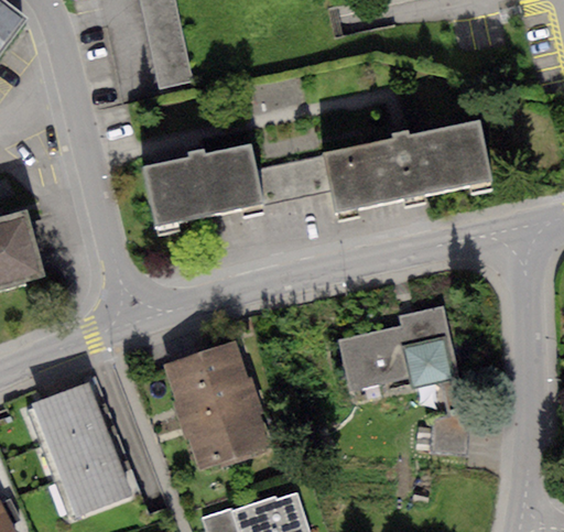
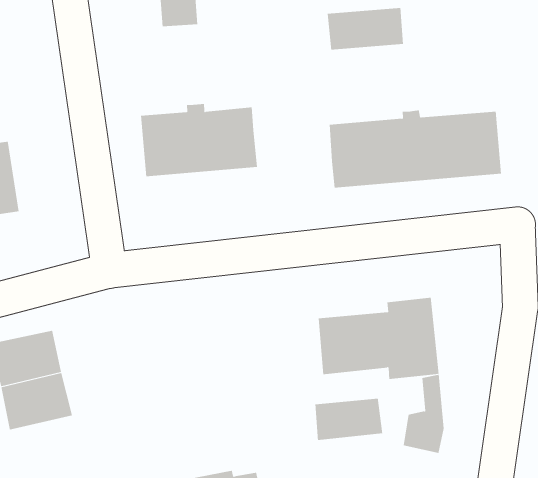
building: [254,155,330,204] -> [327,8,404,50]
building: [161,338,271,470] -> none
building: none -> [315,398,383,441]
building: [58,459,129,515] -> none

